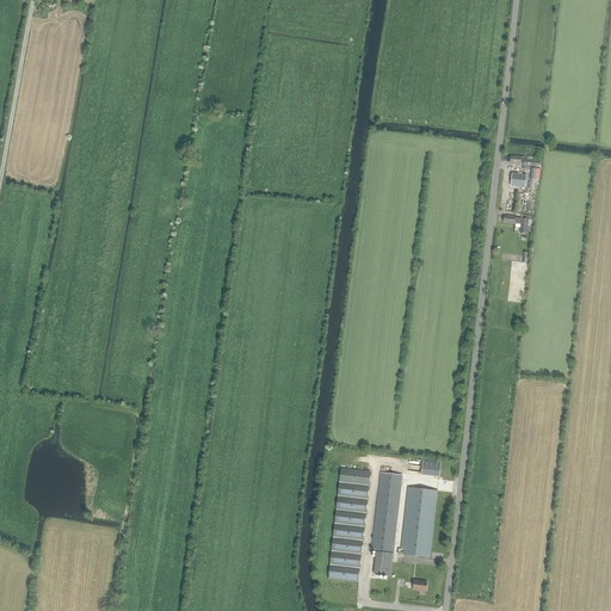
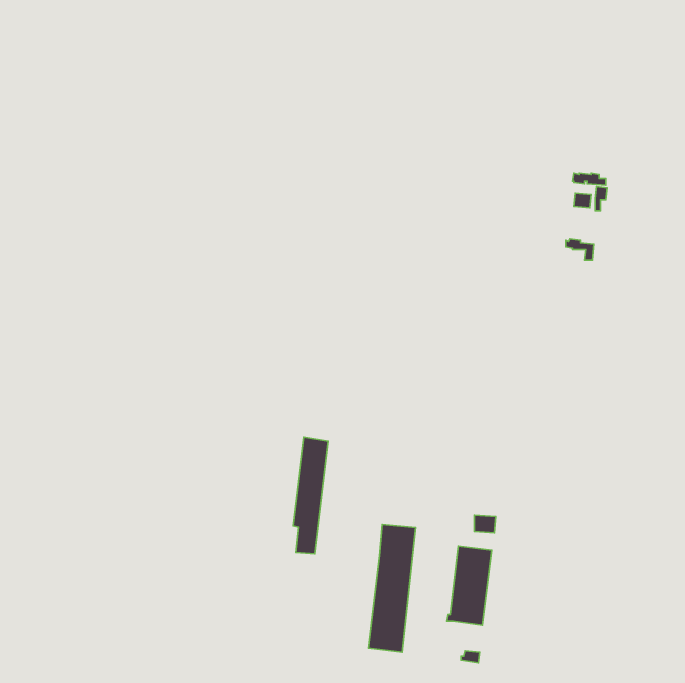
building: [371,470,402,574] -> [293,437,328,554]

